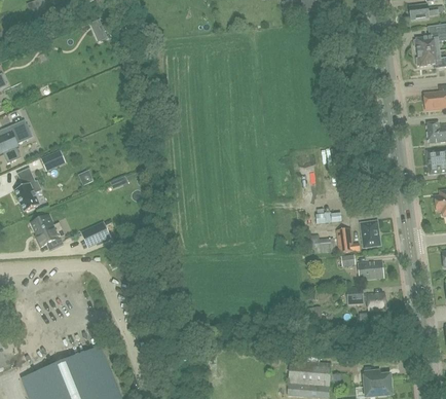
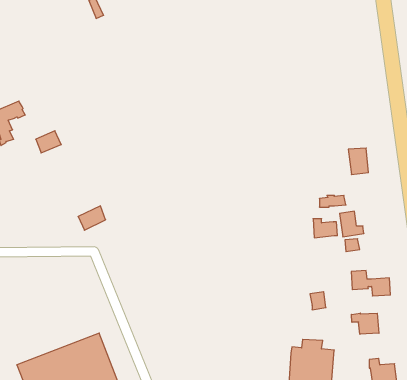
building: [13,168,38,211] -> none
building: [31,215,63,250] -> none
building: [360,221,379,247] -> [348,148,368,175]
building: [357,260,382,279] -> none
building: none -> [351,313,379,334]

